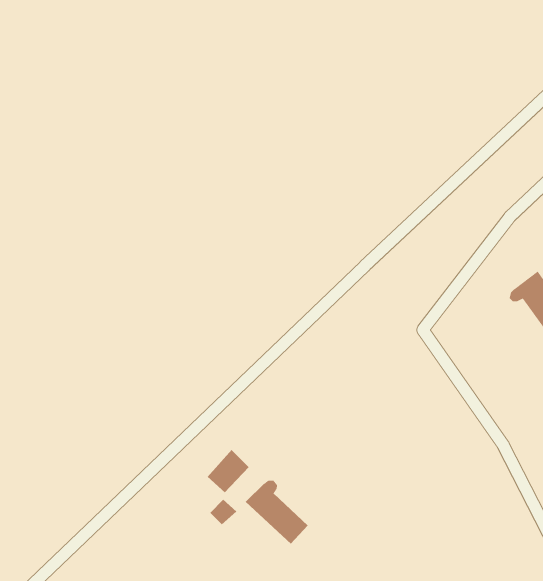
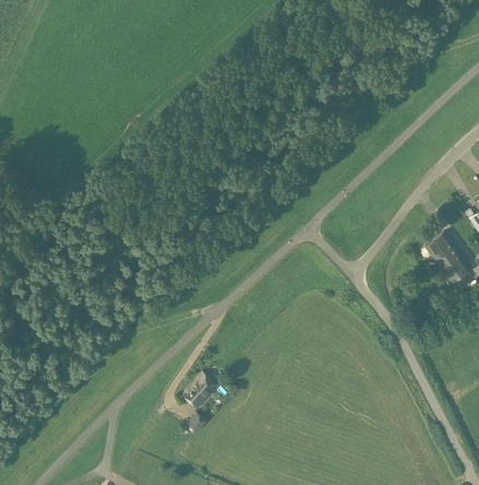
building: [245,480,309,545] -> none

